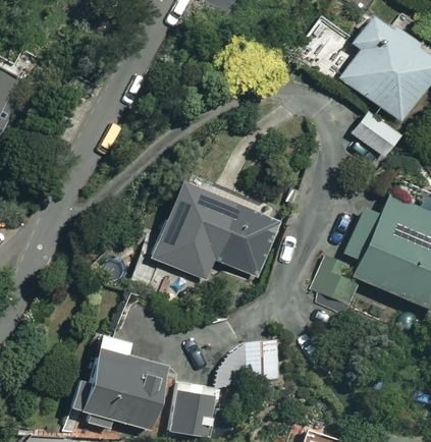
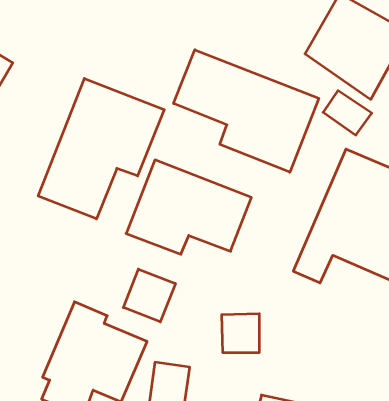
building: none -> [174,50,319,172]
building: none -> [38,78,164,219]
building: none -> [123,269,175,322]

